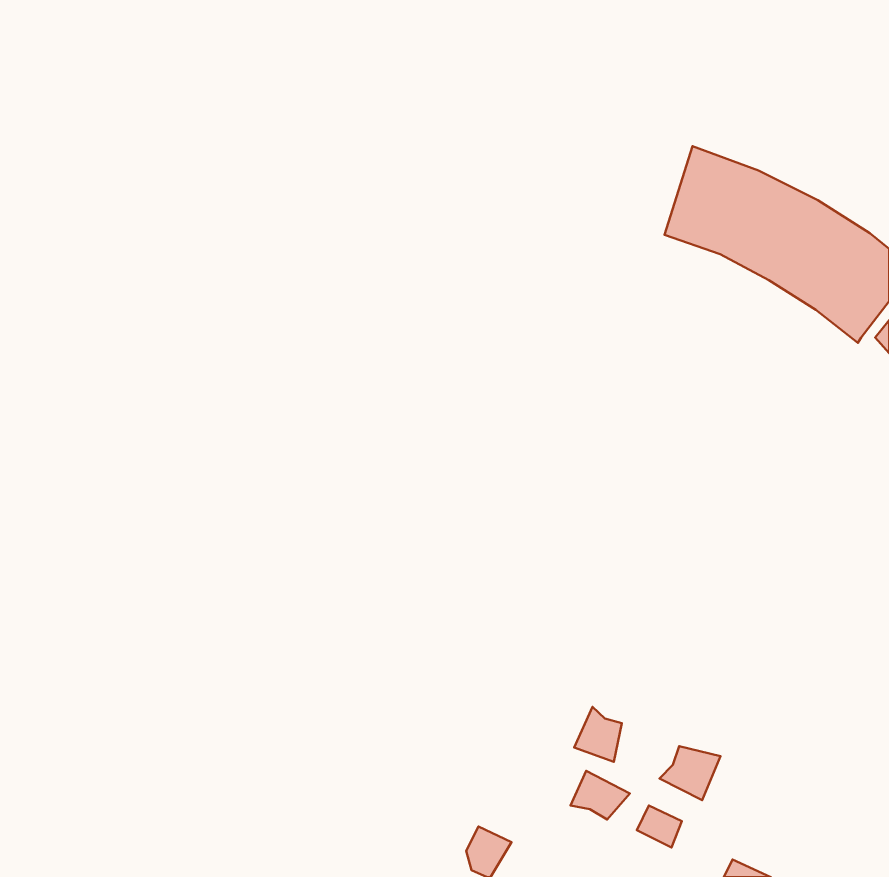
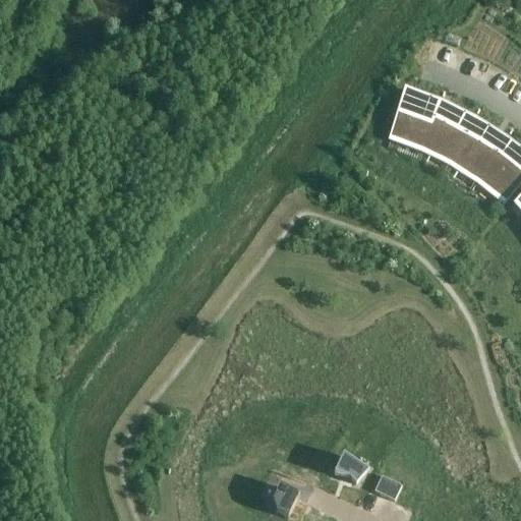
building: [574,707,622,762] -> none
building: [660,746,720,800] -> none

